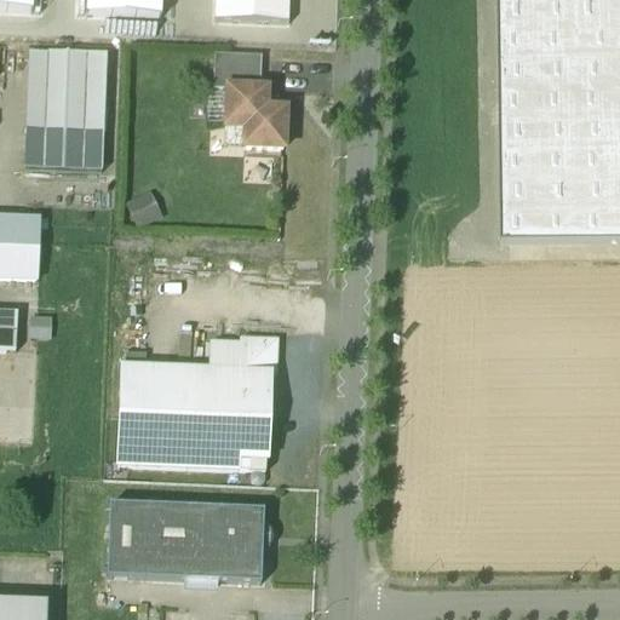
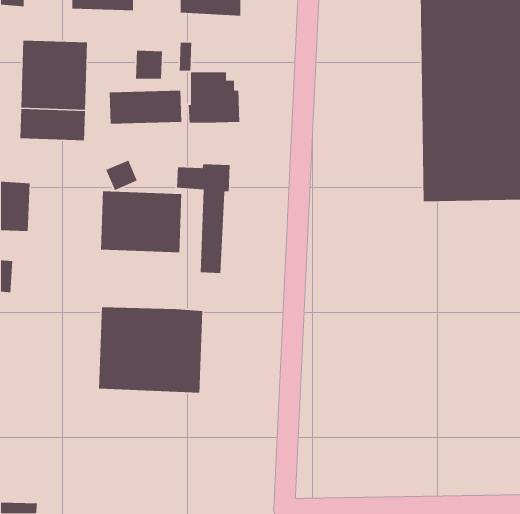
building: [229,50,262,85] -> [135,50,163,79]
building: none -> [109,90,182,125]
building: none -> [100,191,182,253]
building: [212,337,276,467] -> [176,163,230,274]
building: [108,500,271,579] -> none

